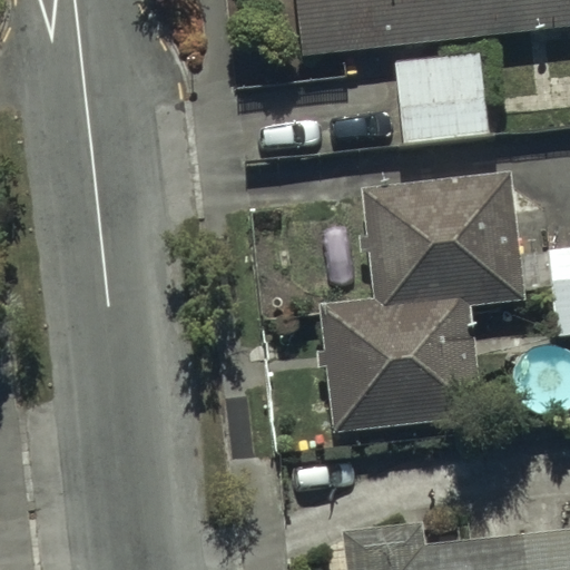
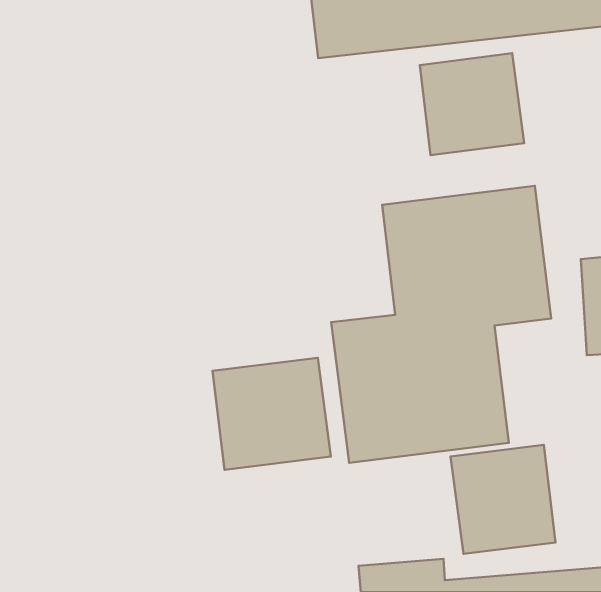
building: none -> [213,358,331,470]
building: none -> [451,445,556,554]

